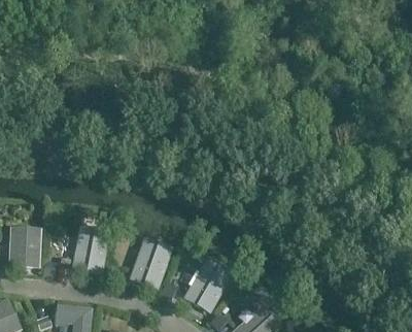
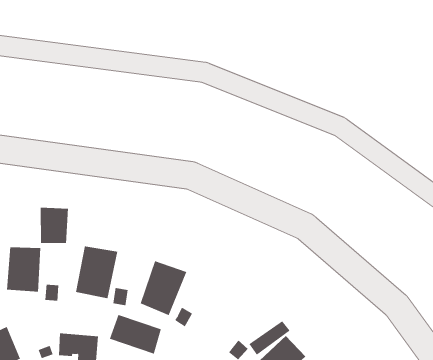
building: none -> [40,207,68,244]
building: [187,263,230,310] -> none
building: none -> [109,314,162,355]

